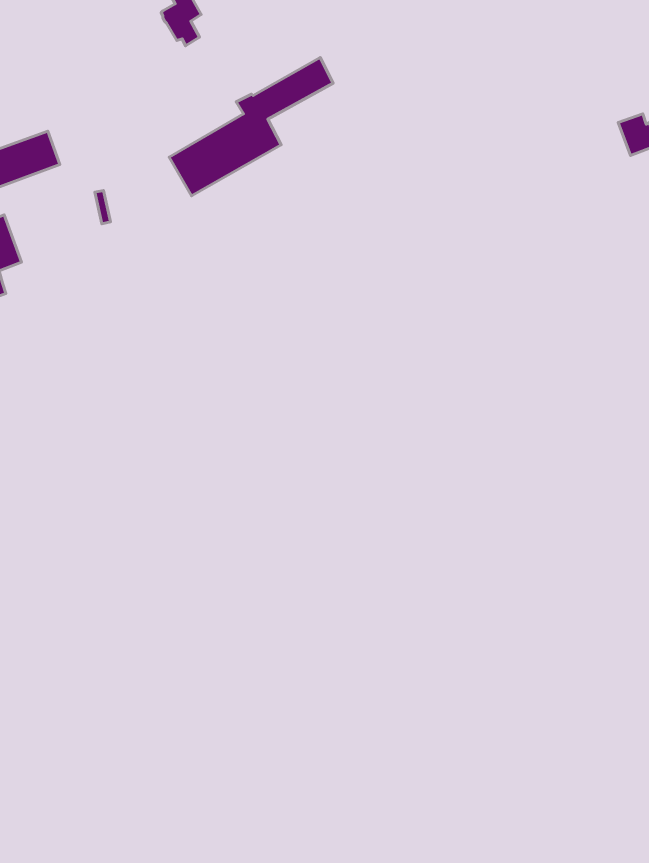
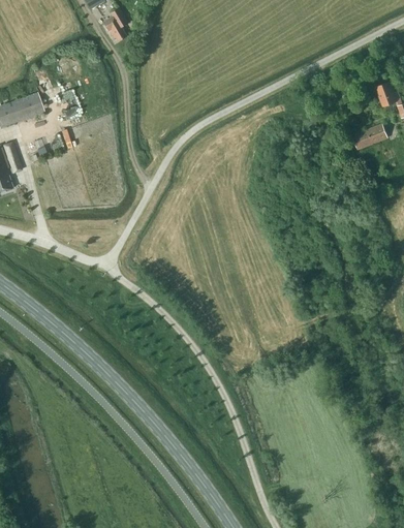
building: [169,58,333,196] -> none
building: none -> [350,123,386,150]

